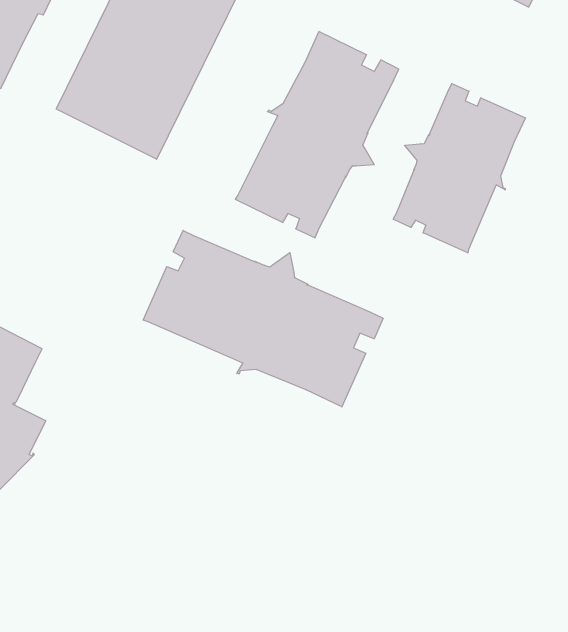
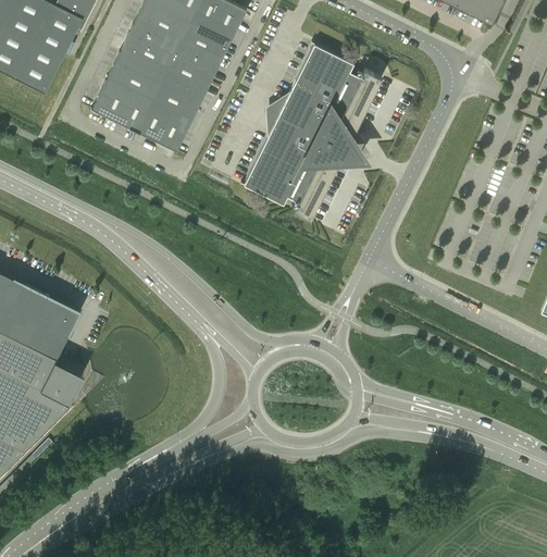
building: [393,84,526,253] -> none
building: [143,230,383,407] -> none

